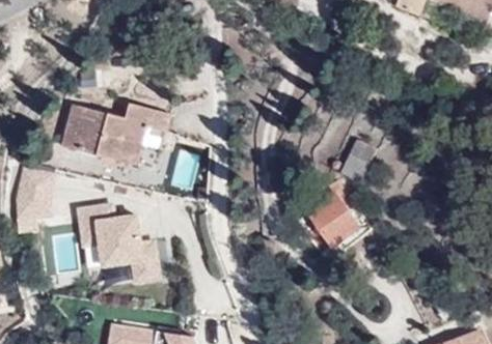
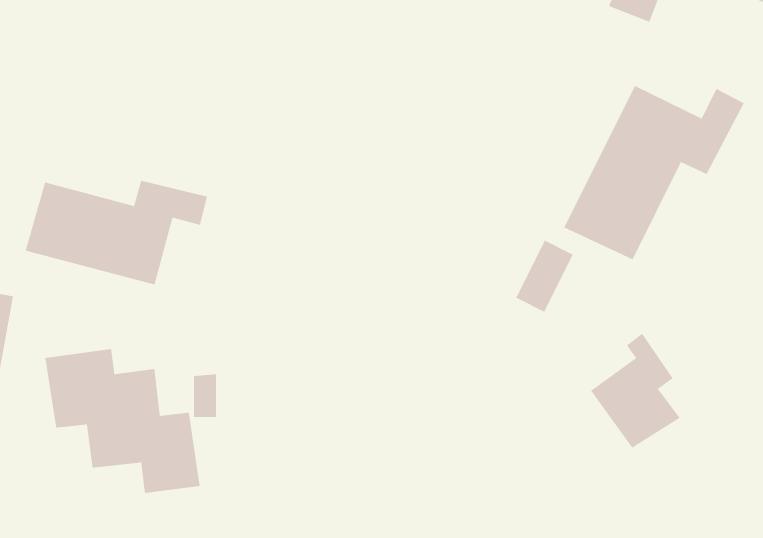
building: none -> [564,85,744,260]
building: [308,178,360,245] -> [590,333,681,449]

